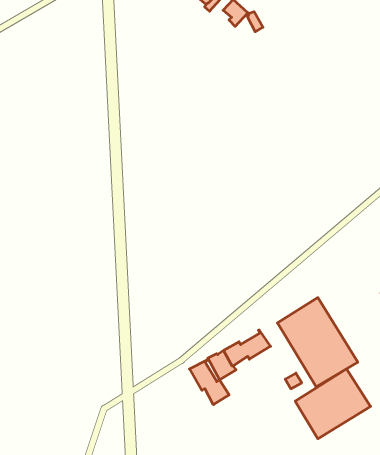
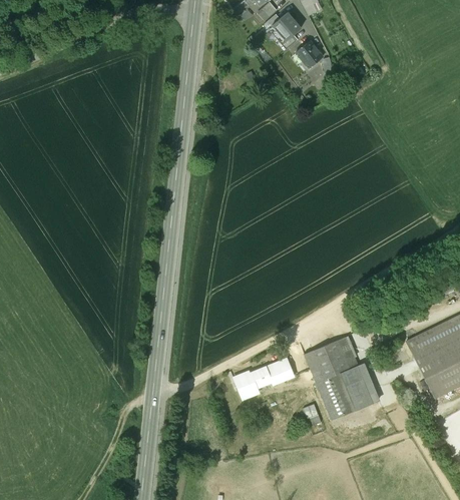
building: [189,360,229,405] -> none
building: [295,369,371,439] -> none

